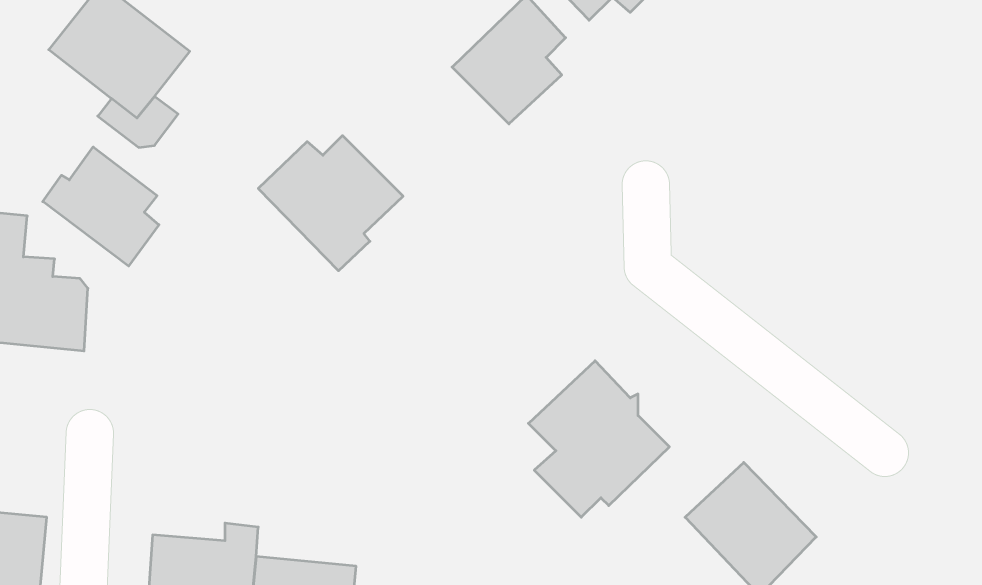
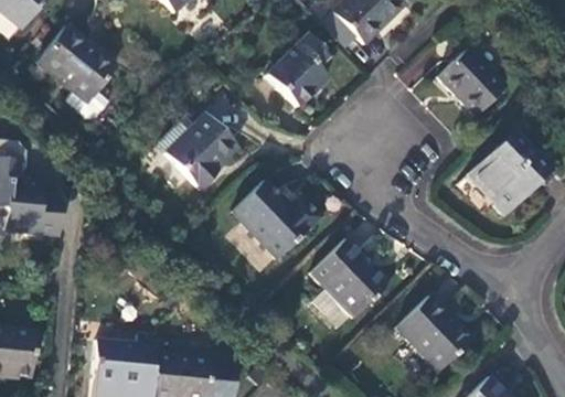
building: none -> [437,49,507,118]
building: [43,147,159,266] -> none
building: none -> [468,130,554,217]
building: none -> [232,181,322,261]

